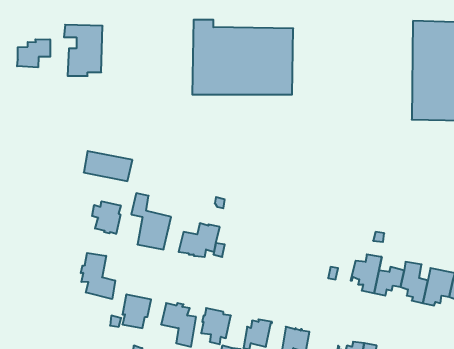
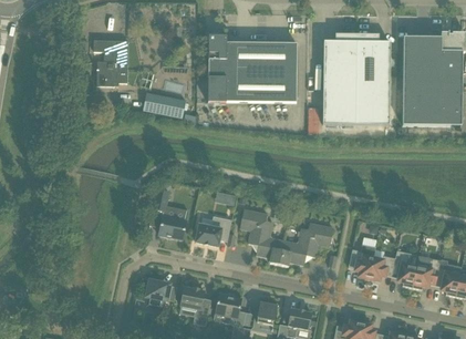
building: none -> [322,35,390,124]
building: [17,39,50,67] -> none
building: [84,151,132,181] -> [143,91,186,117]
building: [92,201,121,234] -> none
building: none -> [239,208,333,266]
building: [81,253,115,299] -> none

